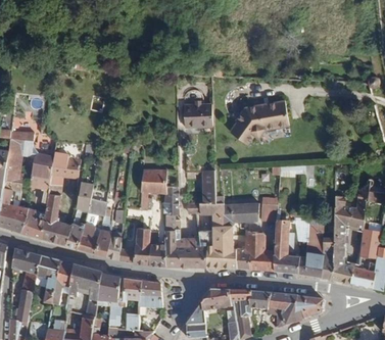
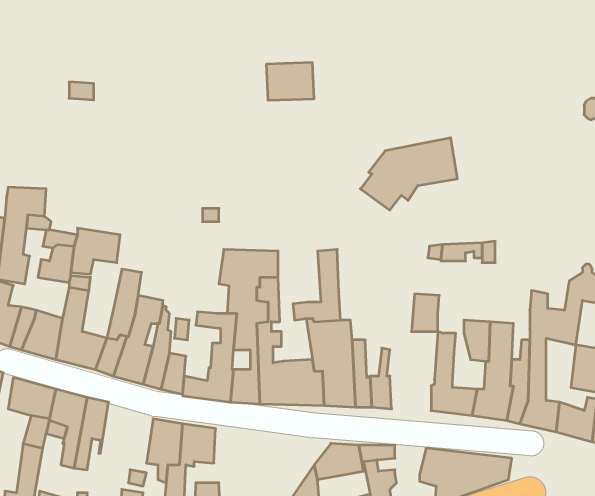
building: [183,103,212,127] -> [266,63,314,100]
building: [223,202,258,225] -> none
building: [245,231,275,269] -> none
building: [67,263,101,304] -> none
building: [137,280,162,308] -> none
building: [239,290,270,308] -> none

